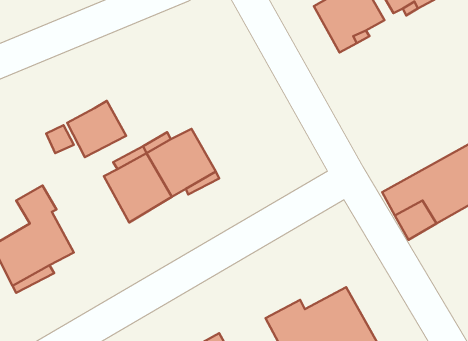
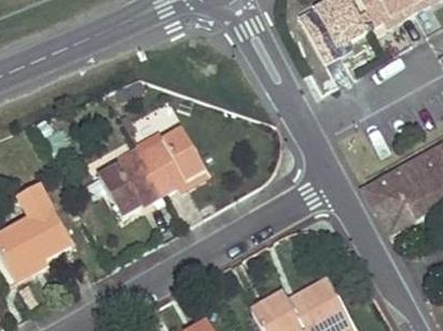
building: [67,101,126,157] -> none

